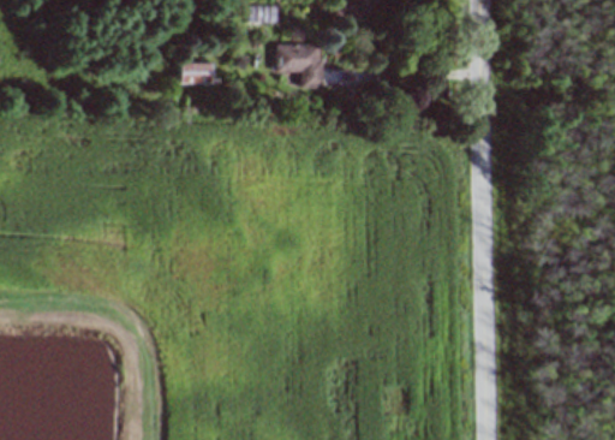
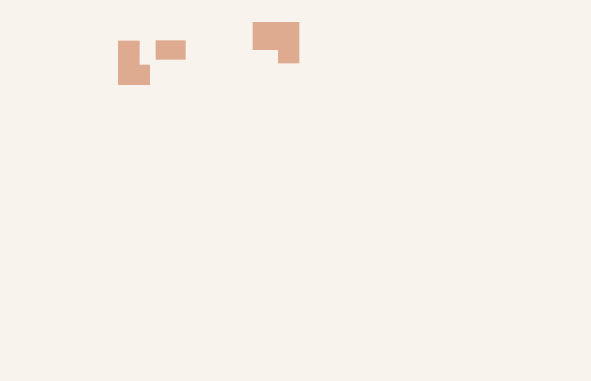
building: none -> [118,40,150,86]

